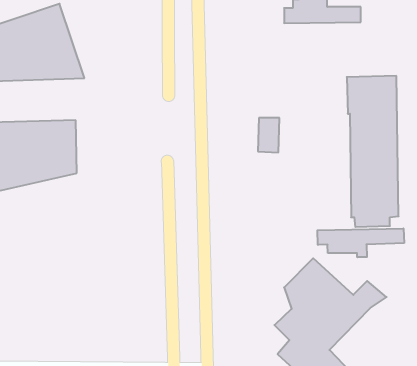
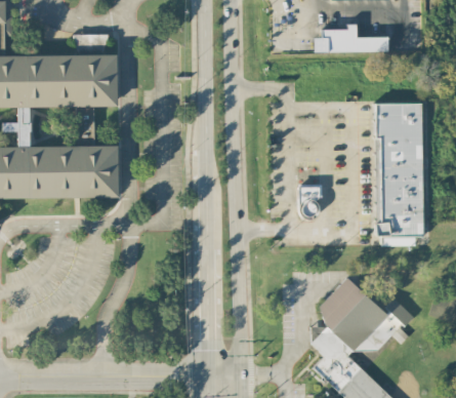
building: [258,118,279,152] -> [300,184,321,216]
building: [317,228,404,257] -> none

